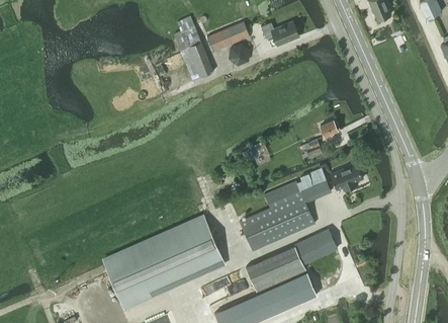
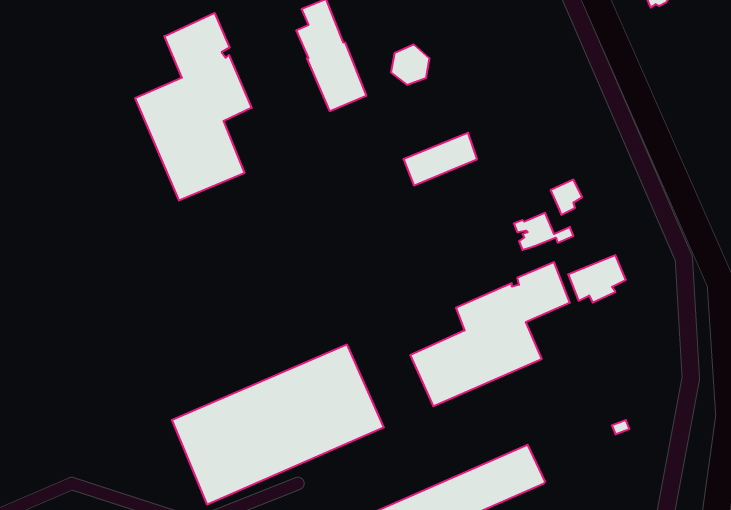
building: [206,22,249,53] -> [403,133,477,185]
building: [261,22,298,47] -> none
building: none -> [135,13,252,201]
building: [246,230,337,292] -> none

